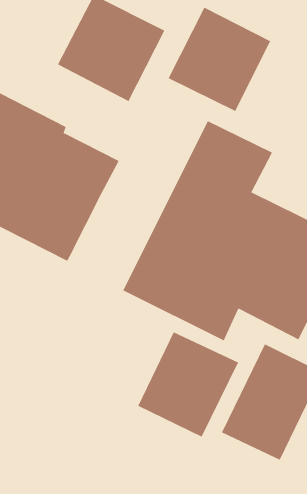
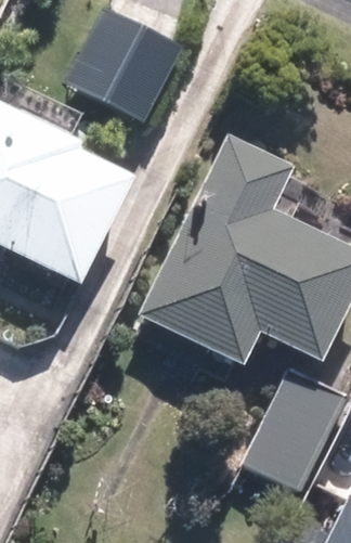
building: [168,7,271,112] -> none
building: [138,332,239,438] -> none

